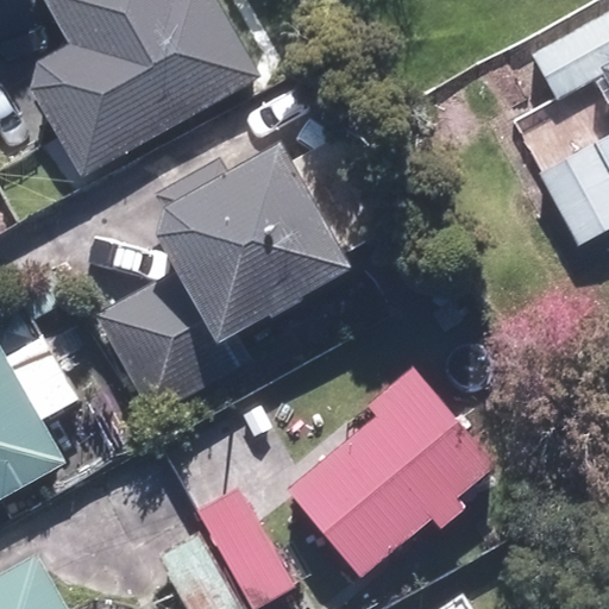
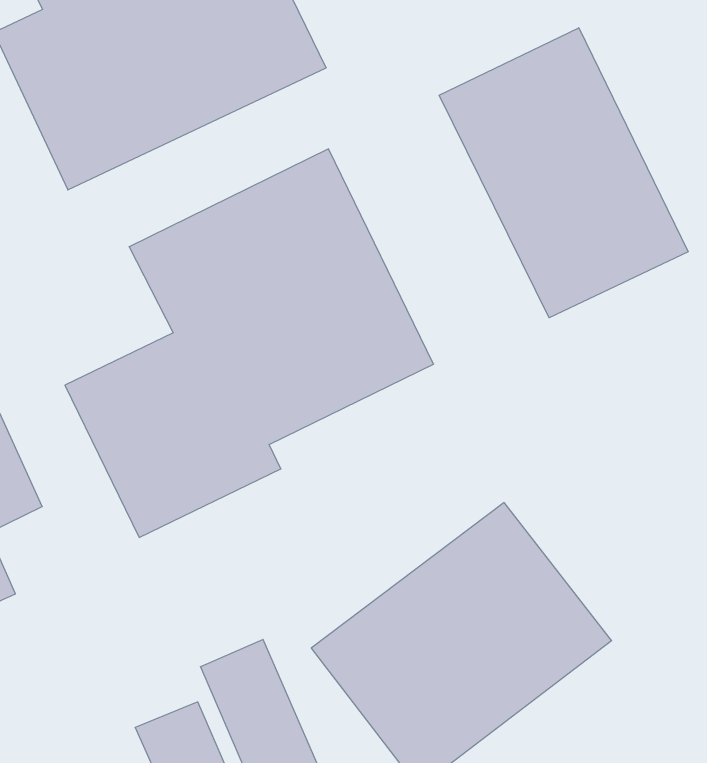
building: none -> [439,28,688,318]

